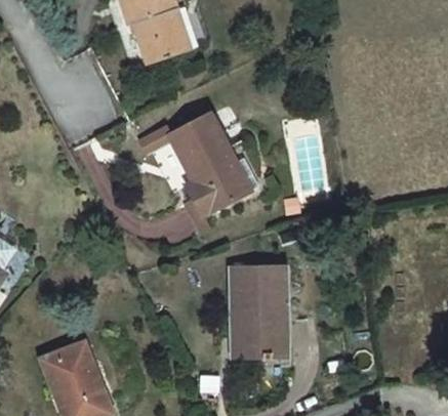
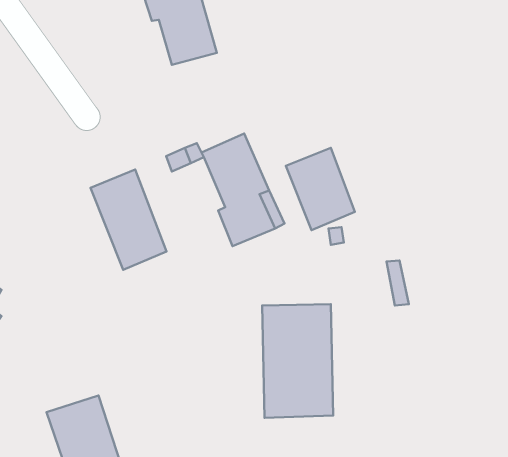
building: none -> [286,148,355,230]
building: none -> [90,170,166,270]

